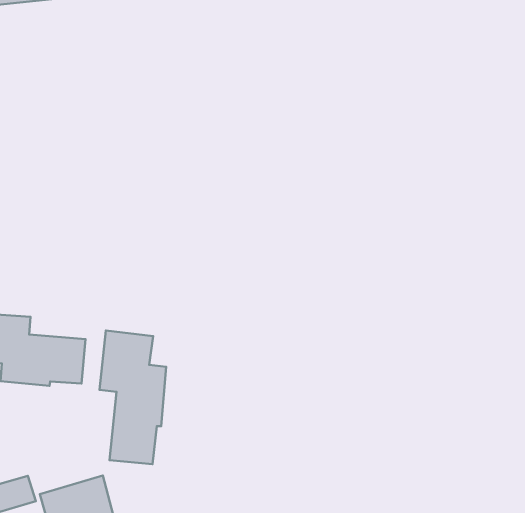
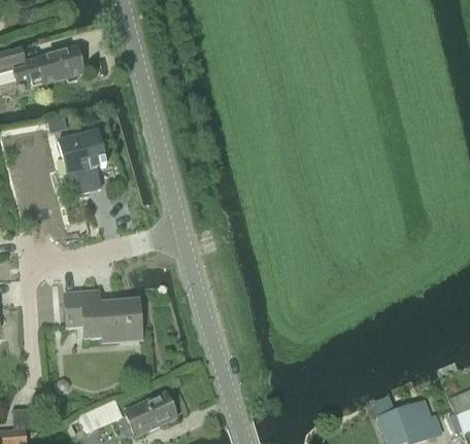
building: none -> [58,129,105,193]
building: [99,330,166,464] -> none

